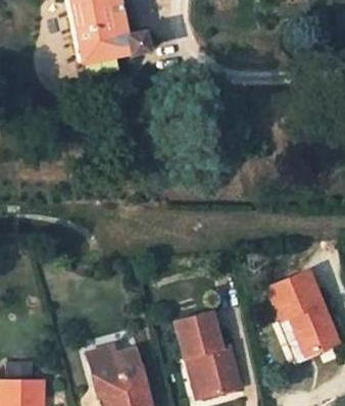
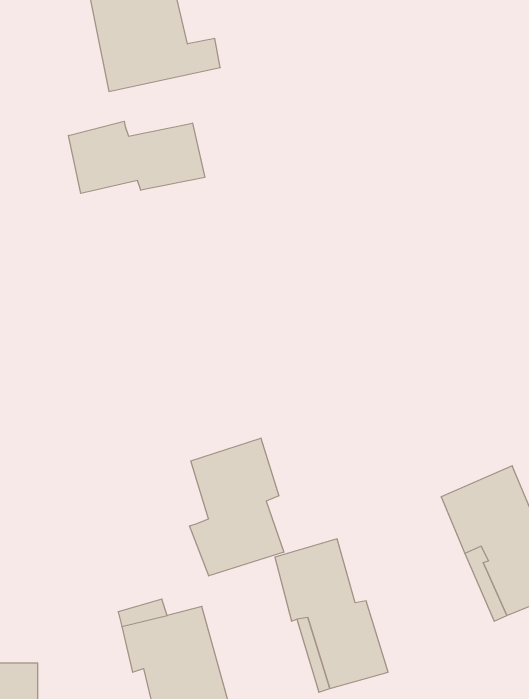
building: none -> [68,121,205,193]
building: none -> [189,438,284,576]

